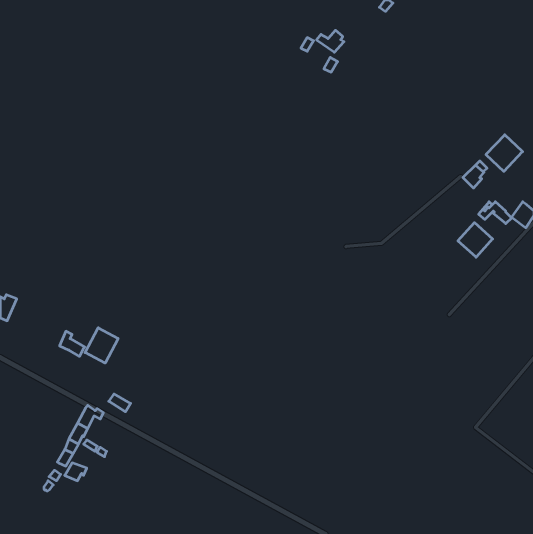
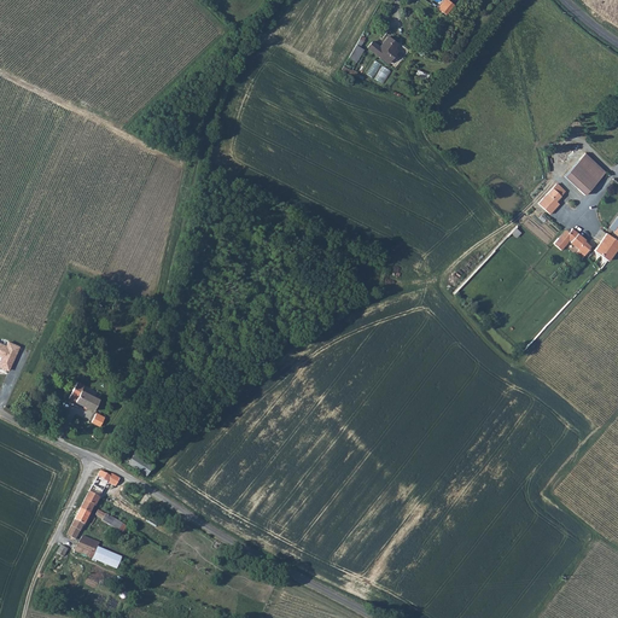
building: [458,223,493,257] -> none
building: [85,328,118,363] -> none

